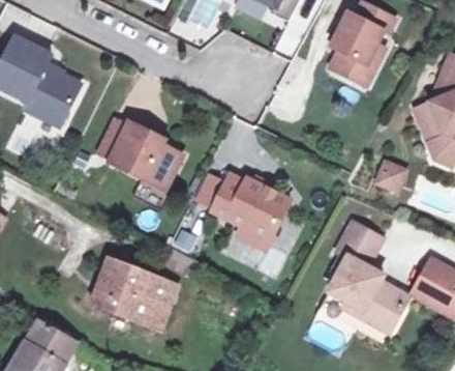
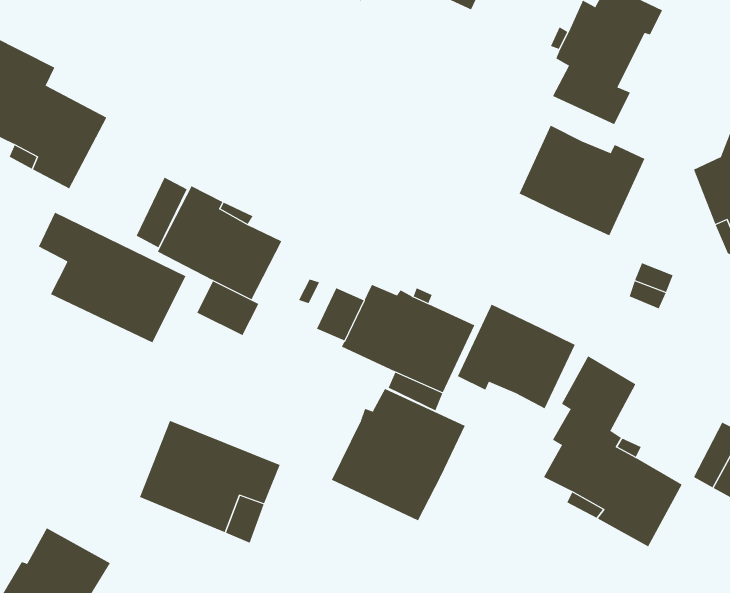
building: none -> [519,125,645,236]
building: none -> [38,212,186,343]
building: none -> [457,304,576,409]
building: none -> [331,388,466,521]

